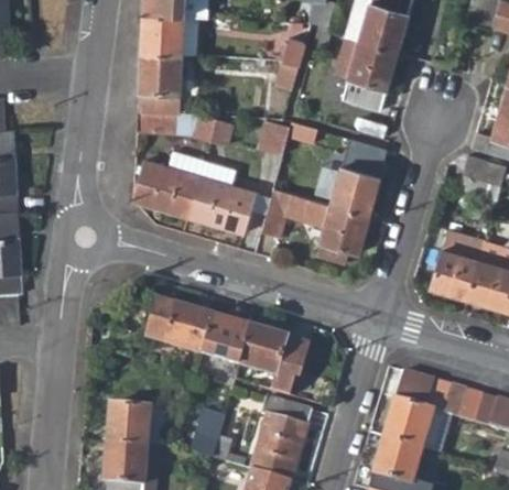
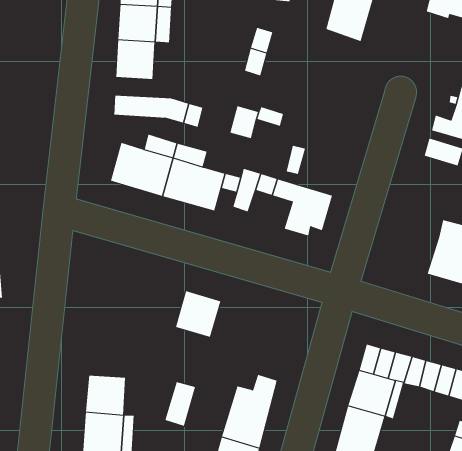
building: [335,35,398,109] -> none
building: [331,138,388,215] -> none
building: [431,229,484,297] -> none
building: [149,300,213,353] -> none
building: [239,326,308,394] -> none

